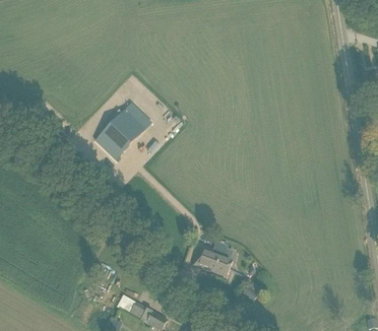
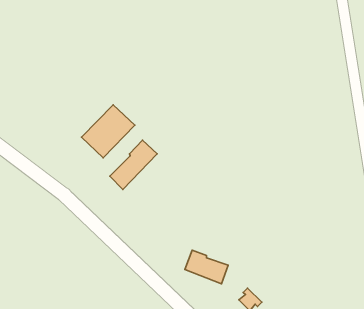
building: none -> [110,140,157,189]

